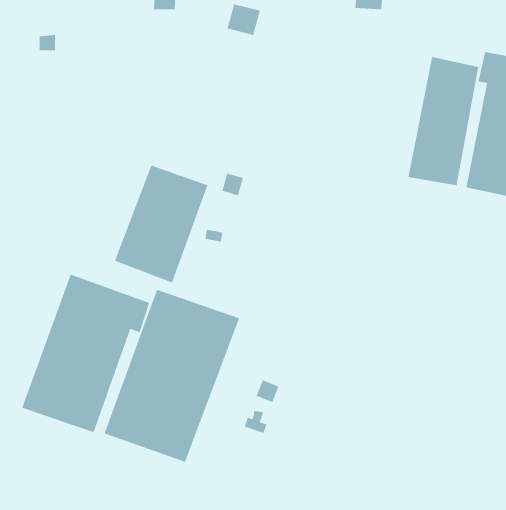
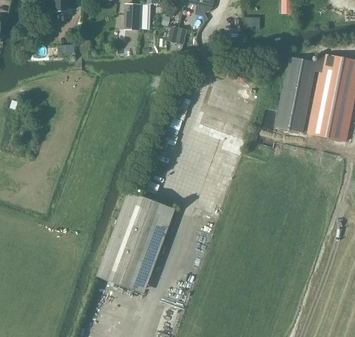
building: [114,165,208,284] -> none
building: [21,273,150,433] -> none

